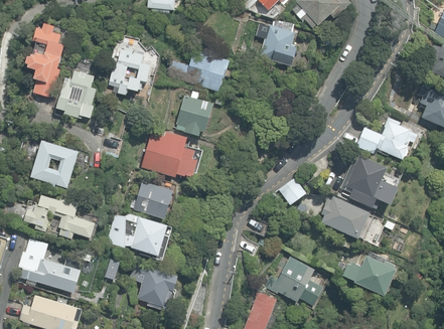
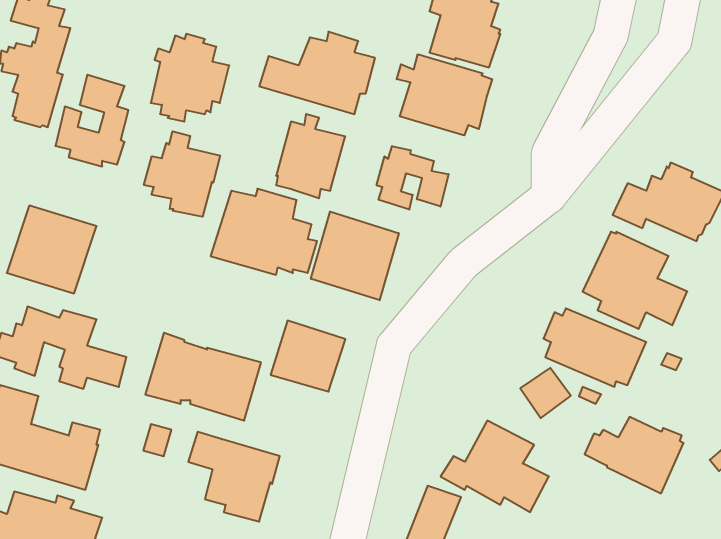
building: none -> [397,54,492,135]
building: none -> [144,131,220,217]
building: none -> [377,146,449,210]
building: none -> [311,212,399,300]
building: [279,177,306,204] -> [520,368,571,418]
building: [134,180,174,218] -> [271,321,345,392]

